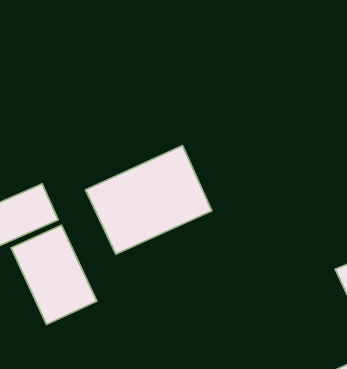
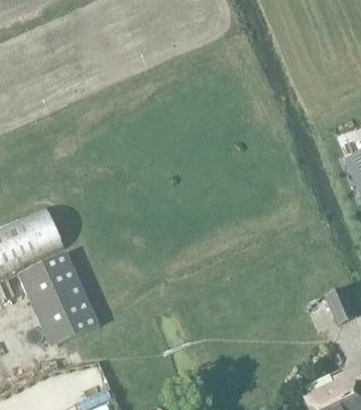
building: [86,145,212,254] -> none

